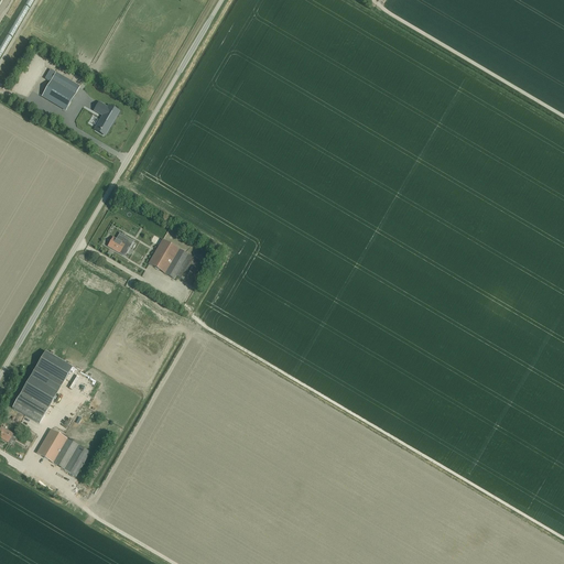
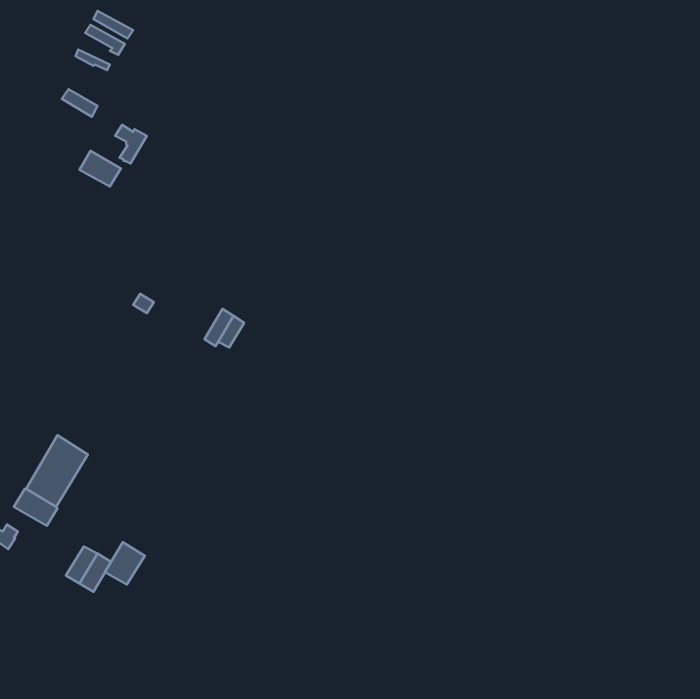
building: [41,79,74,108] -> [80,151,121,186]
building: [148,234,178,272] -> none
building: [35,427,67,462] -> [105,542,145,585]

